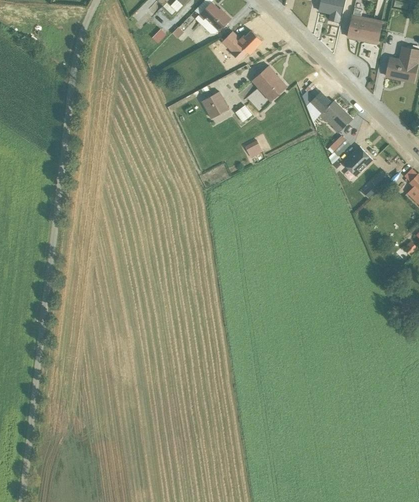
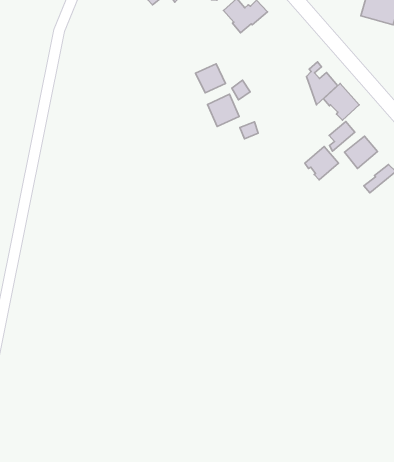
building: [251,65,287,101] -> none
building: none -> [208,94,239,127]
building: none -> [305,146,339,180]

